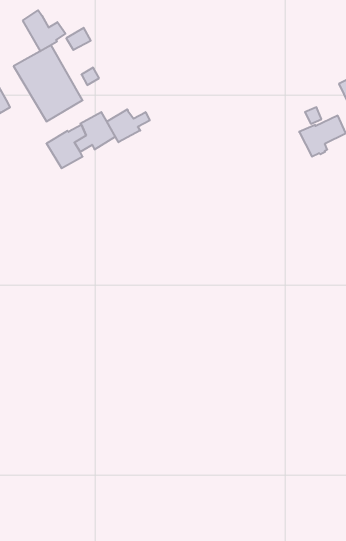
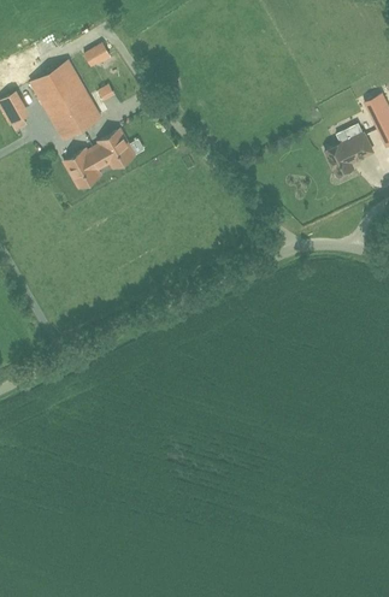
building: [23,10,65,51] -> none
building: [107,109,150,142] -> none

